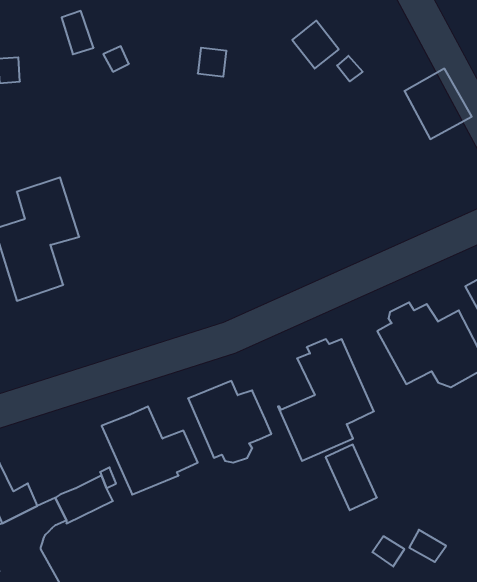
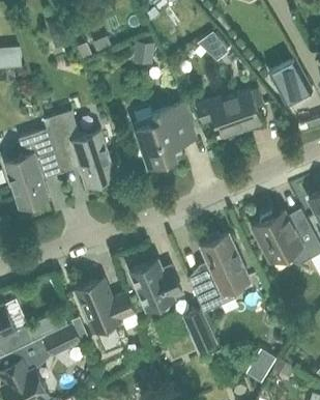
building: none -> [195,91,262,140]
building: none -> [137,105,195,165]
building: none -> [43,111,116,188]
building: [326,445,377,510] -> [183,310,216,352]

